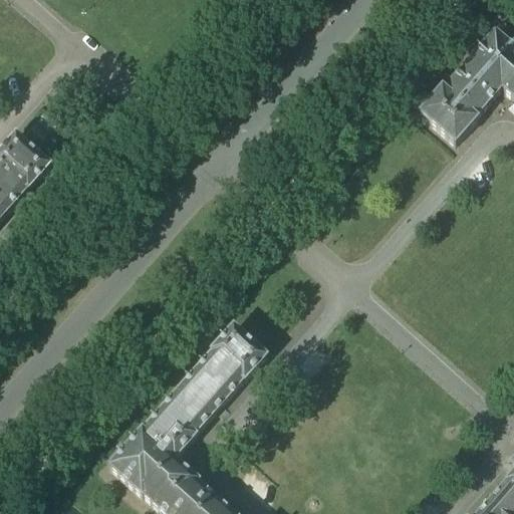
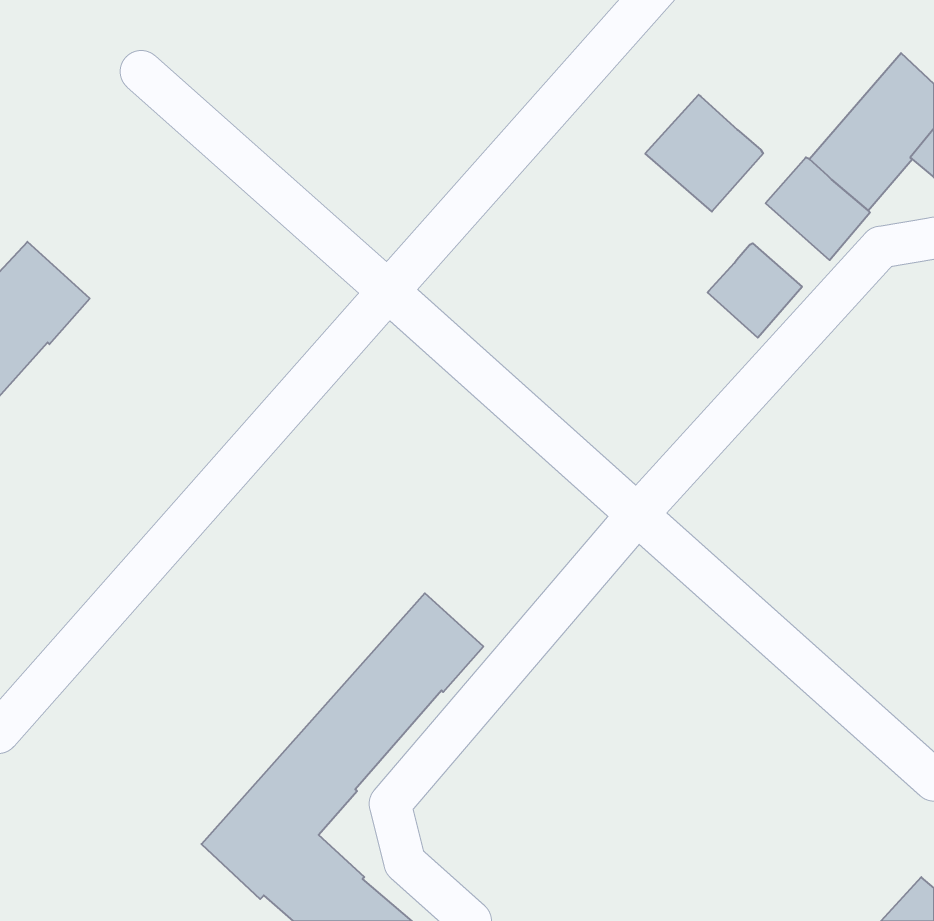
building: none -> [645,95,763,212]
building: none -> [708,243,802,338]

